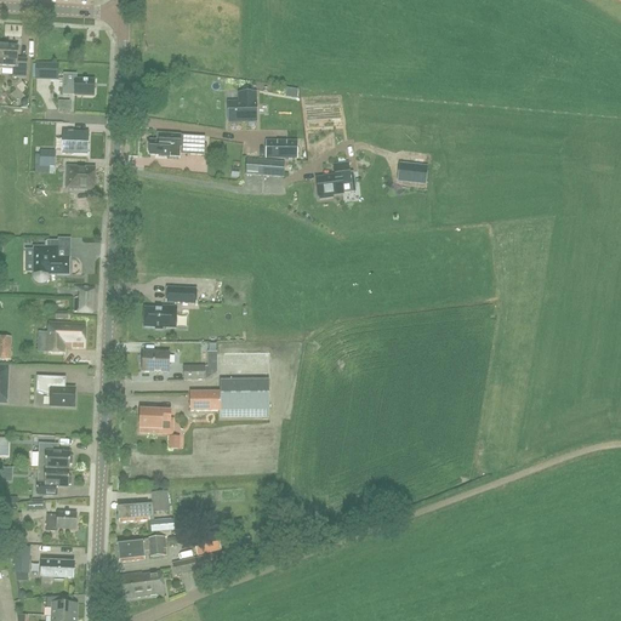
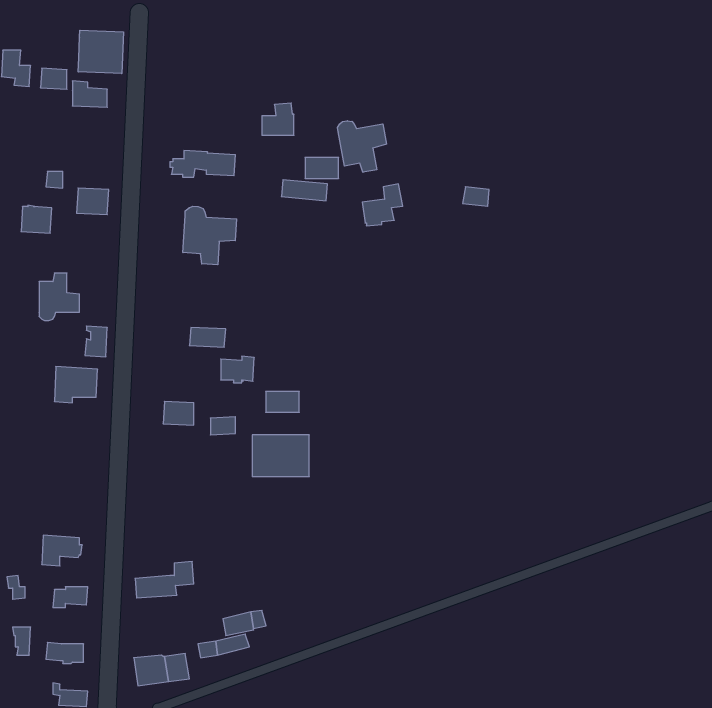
building: none -> [78,30,123,74]
building: none -> [337,121,386,172]
building: [62,127,89,152] -> [21,205,52,233]
building: none -> [183,206,237,265]
building: [144,303,173,326] -> [221,356,254,383]
building: [36,374,75,404] -> none
building: [190,391,220,409] -> [266,391,299,412]
building: [139,408,173,432] -> none
building: [38,440,73,468] -> none
building: [118,534,166,560] -> none

